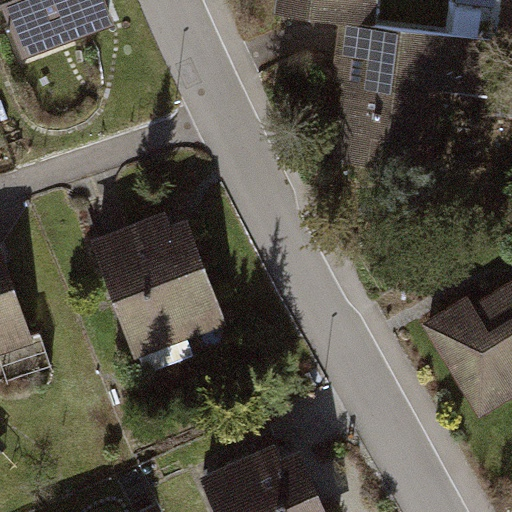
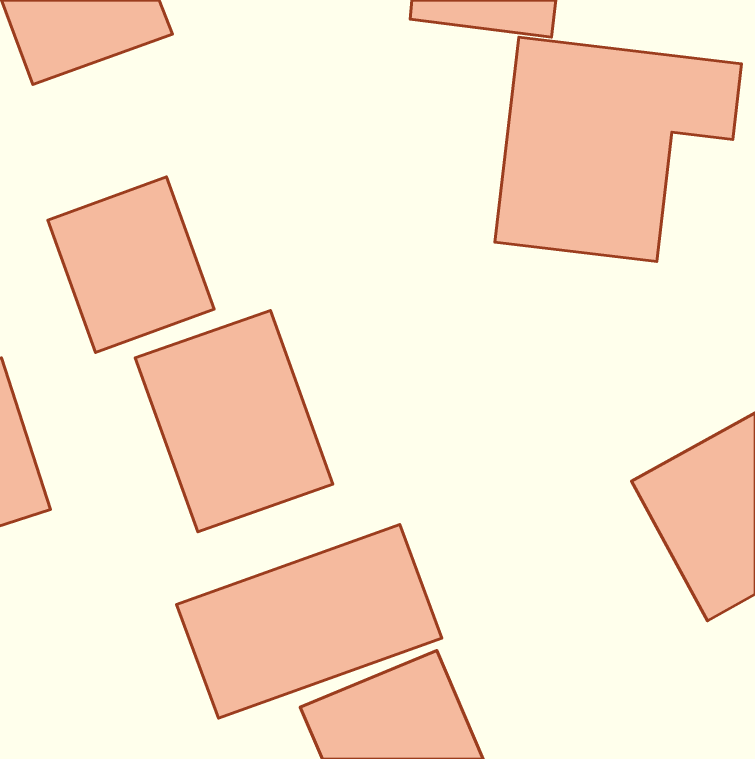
building: none -> [48,177,214,352]
building: none -> [177,525,442,718]

